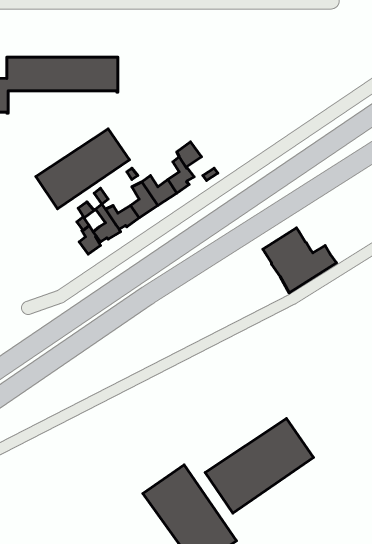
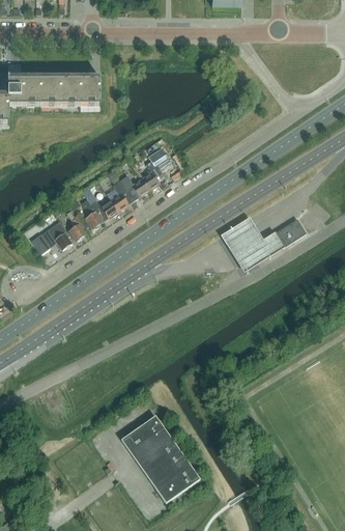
building: [36,129,129,209] -> none
building: none -> [272,216,306,246]
building: none -> [32,221,71,252]
building: [205,418,314,513] -> none

